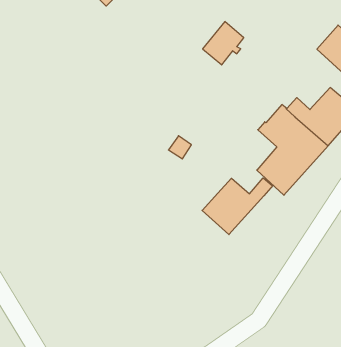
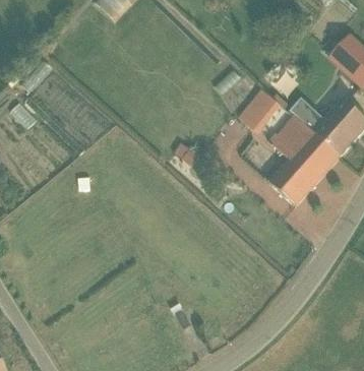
building: [203,22,244,65] -> [239,87,281,131]
building: [202,178,273,235] -> none

